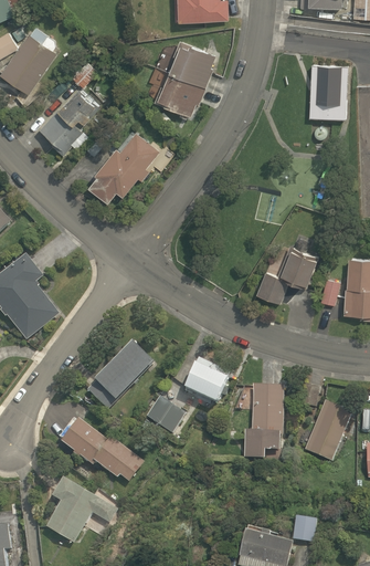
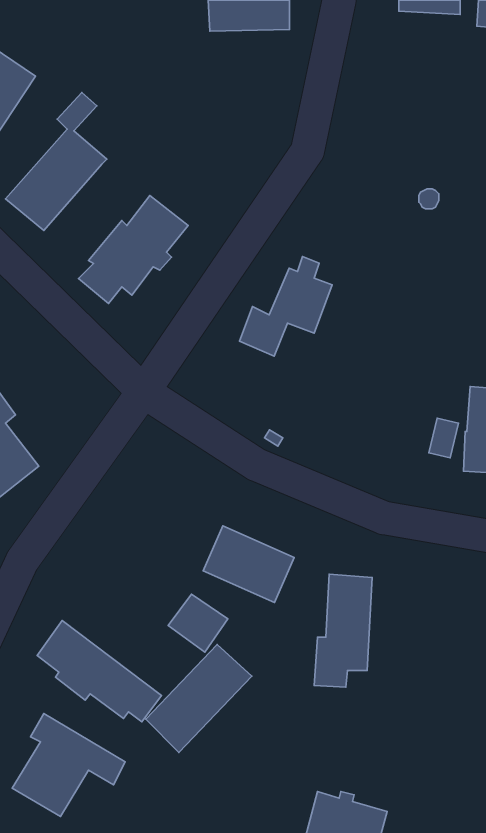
building: [154,40,215,118] -> none
building: [308,64,348,119] -> none
building: [256,238,318,304] -> [239,257,332,356]
building: [86,338,157,410] -> [146,644,252,752]
building: [304,399,352,460] -> none
building: [293,514,317,542] -> none

